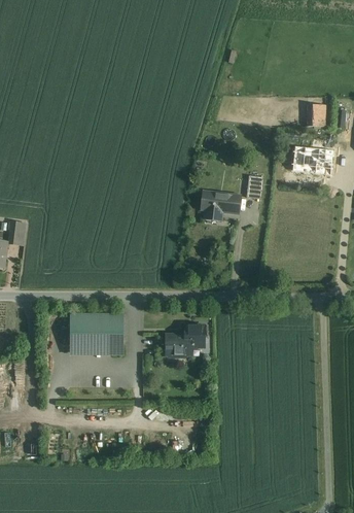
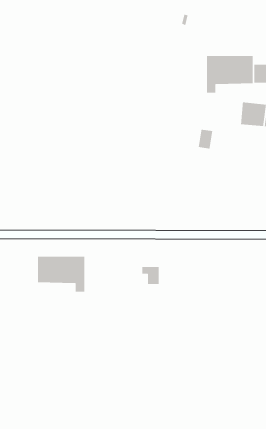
building: none -> [206,55,254,94]
building: [202,191,241,219] -> none
building: [167,335,191,356] -> none

